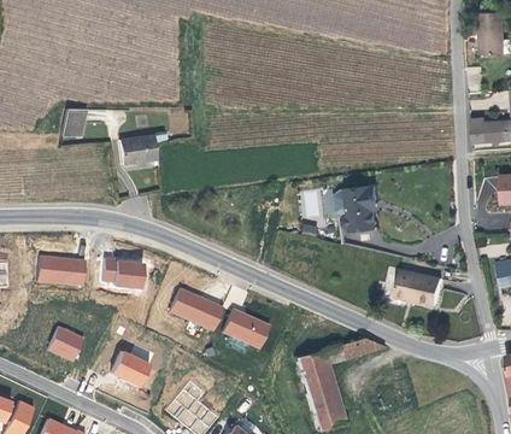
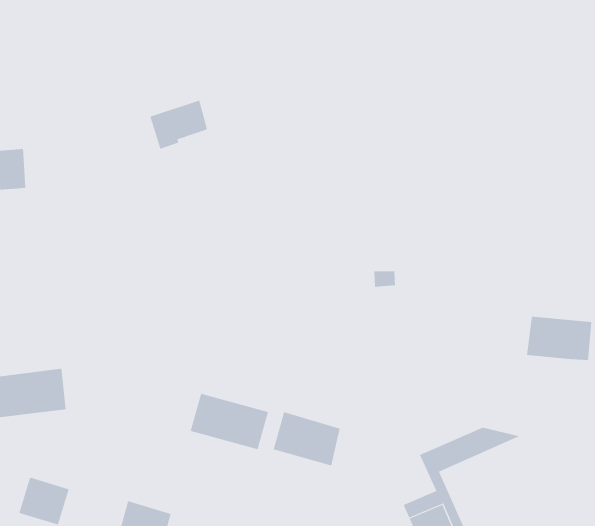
building: [118,135,155,164] -> [150,100,208,149]
building: [336,184,378,230] -> none
building: [104,259,148,287] -> none
building: [294,350,324,381] -> none

